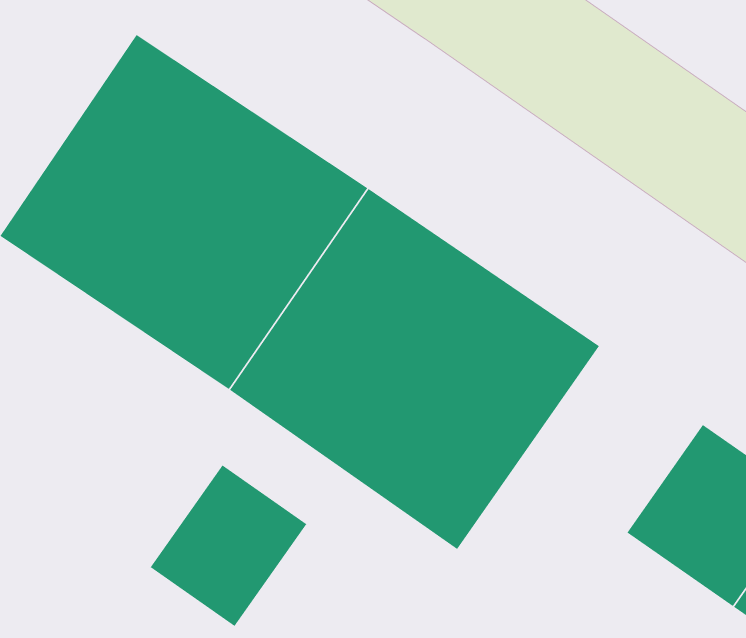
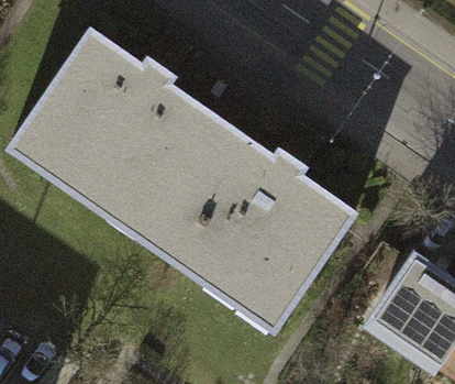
building: [150,465,307,627] -> none

